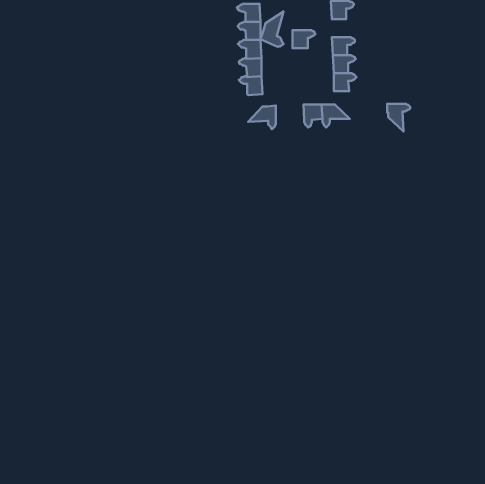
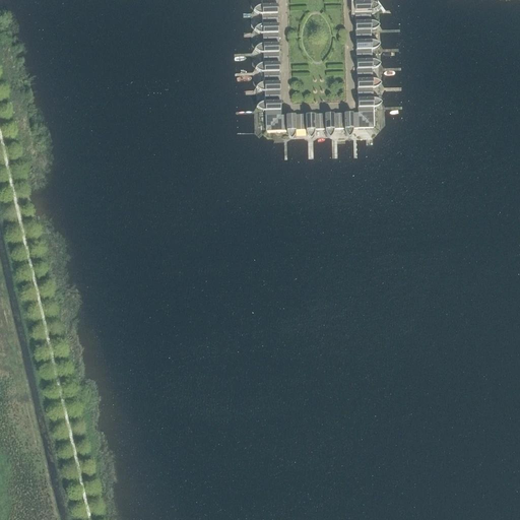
building: [261,12,284,47] -> none
building: [293,30,315,48] -> [355,20,380,40]
building: none -> [257,101,281,130]
building: [387,104,410,131] -> [358,98,382,127]
building: none -> [296,112,326,137]

